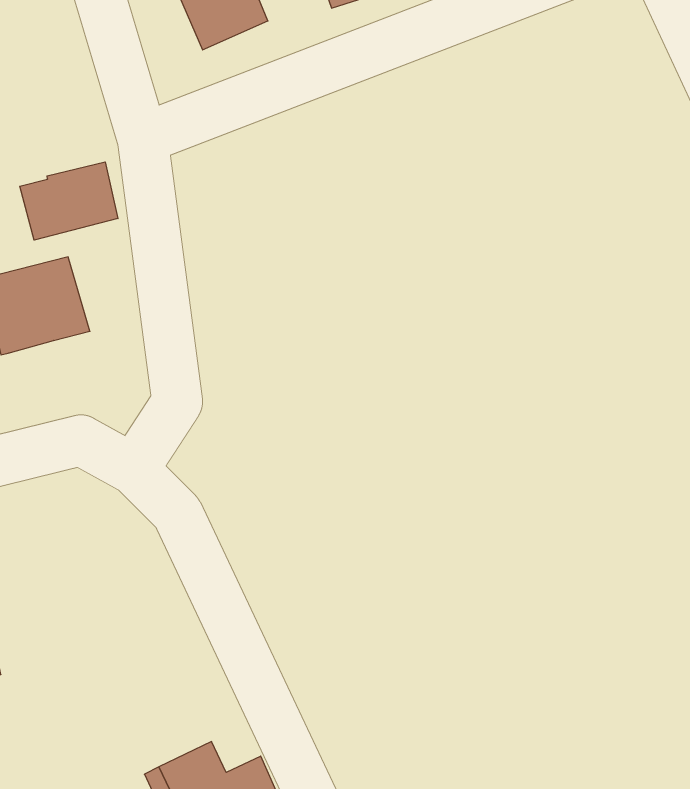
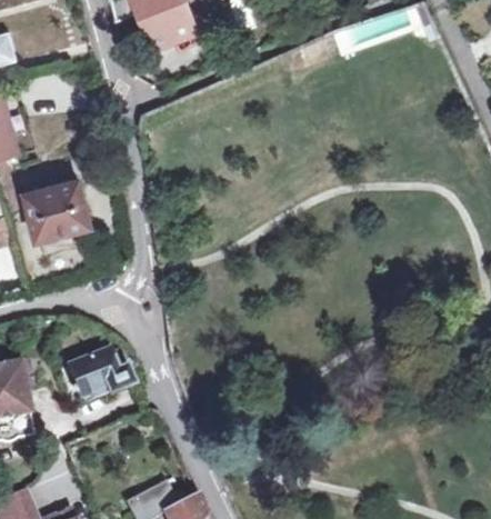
building: [20,162,118,240] -> none
building: none -> [71,348,133,393]

